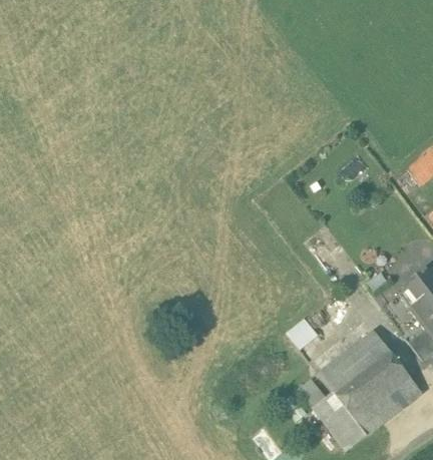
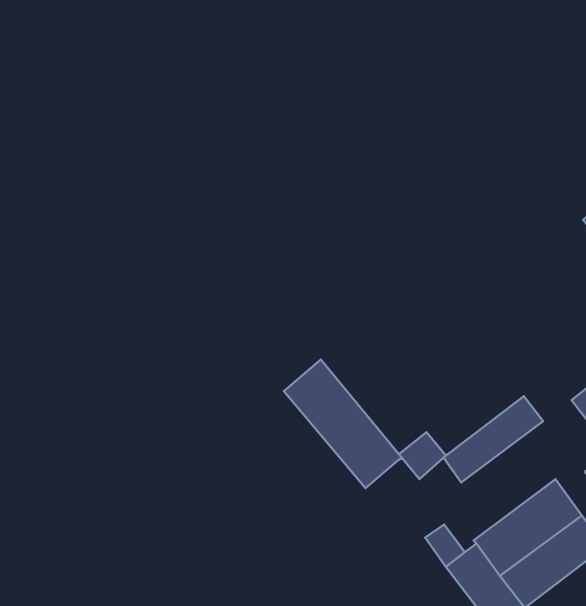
building: none -> [284,359,402,488]
building: [321,330,389,389] -> [443,396,543,483]

